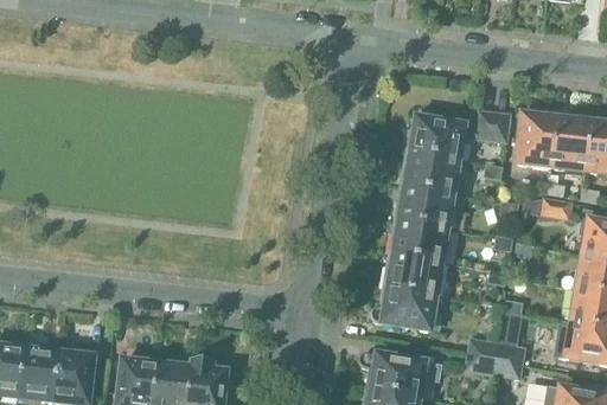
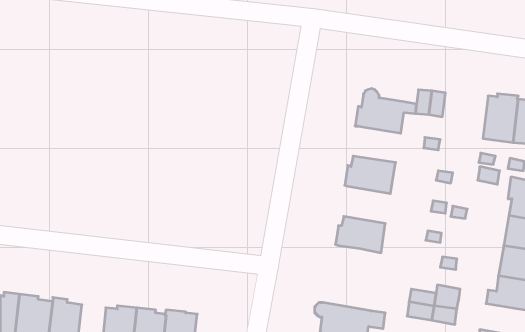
building: [517,110,558,166] -> none
building: [401,152,459,193] -> none
building: [389,220,447,263] -> none
building: [372,288,436,329] -> none

